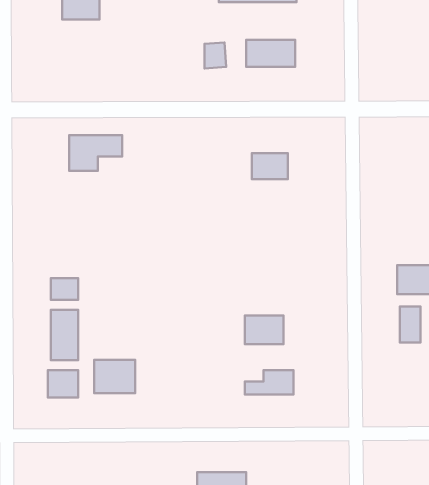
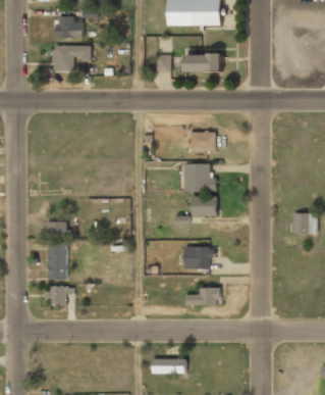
building: [69,135,122,171] -> [52,45,90,70]
building: none -> [182,164,214,192]
building: none -> [189,197,215,217]
building: [400,306,421,342] -> none
building: [94,360,135,393] -> none

